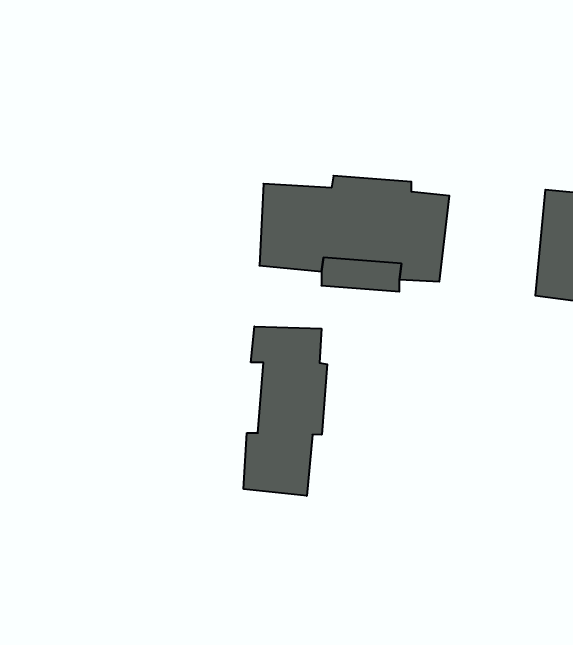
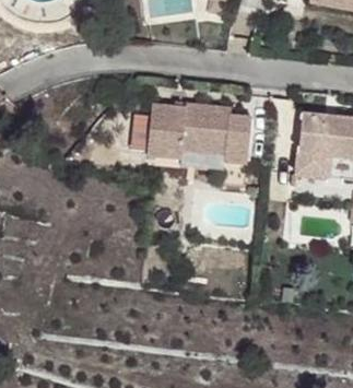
building: [244,326,327,496] -> none

